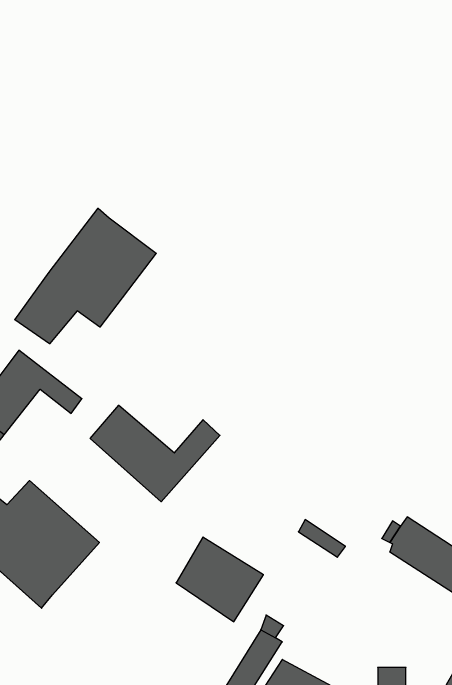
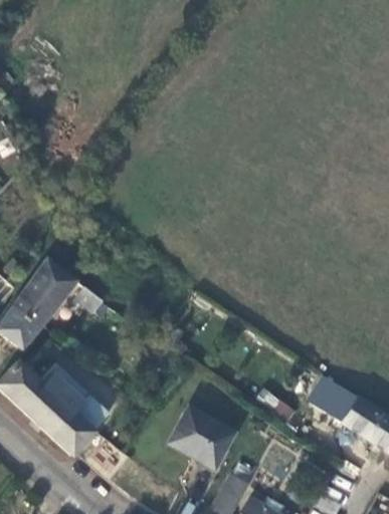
building: [15,208,156,344] -> none
building: [90,405,220,502] -> none

